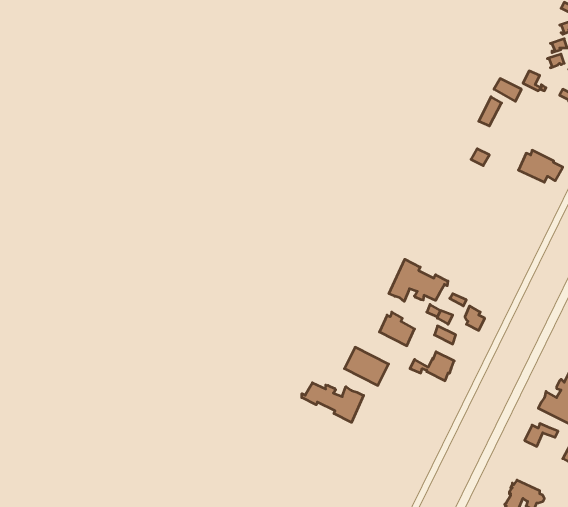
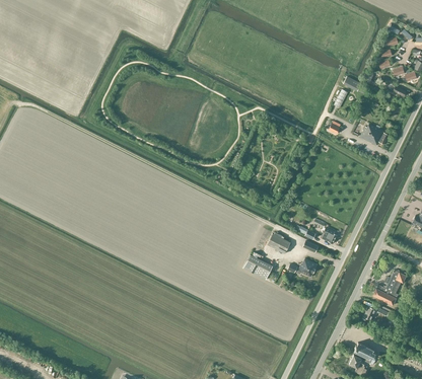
building: [389,259,448,301] -> none
building: [302,383,364,422] -> none

